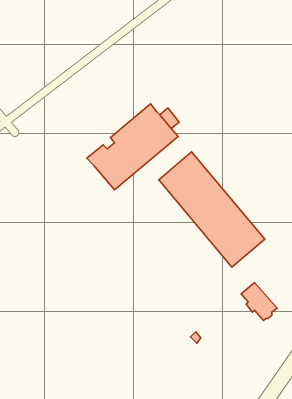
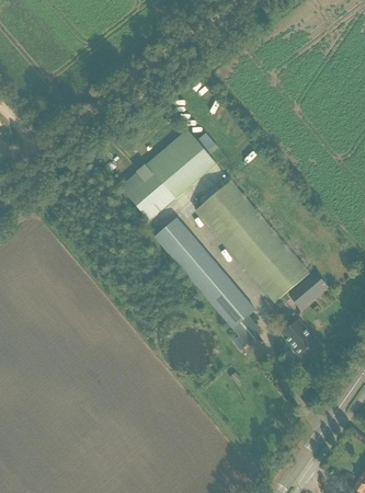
building: none -> [155,218,261,345]
building: none -> [289,274,327,309]

